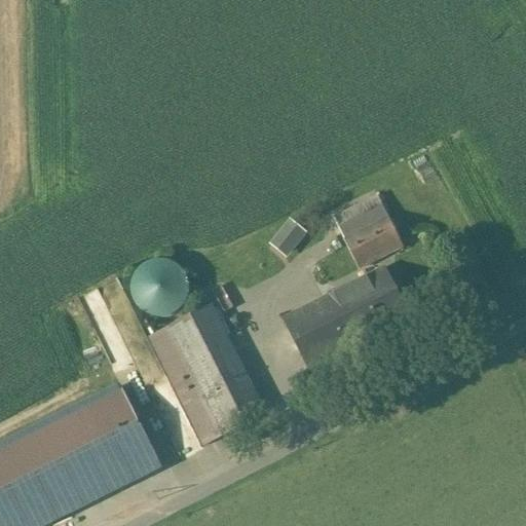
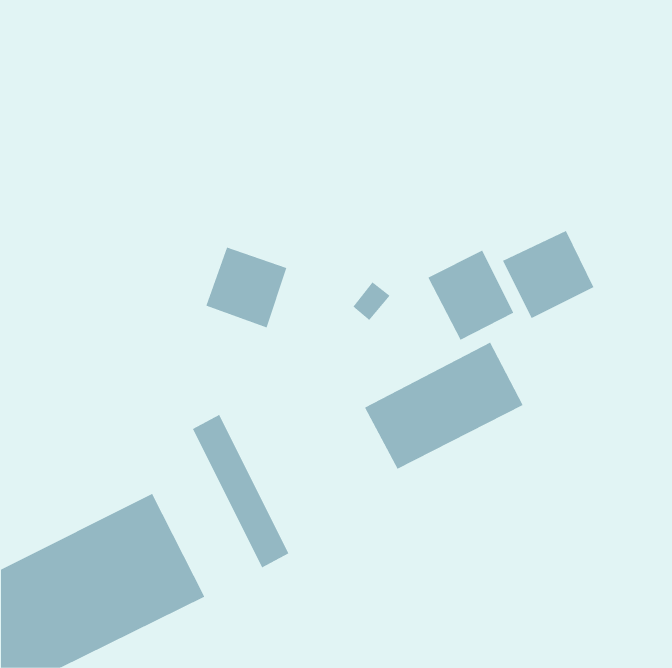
building: none -> [502,230,594,319]
building: [121,253,185,316] -> [206,247,287,328]
building: [172,304,265,433] -> none

